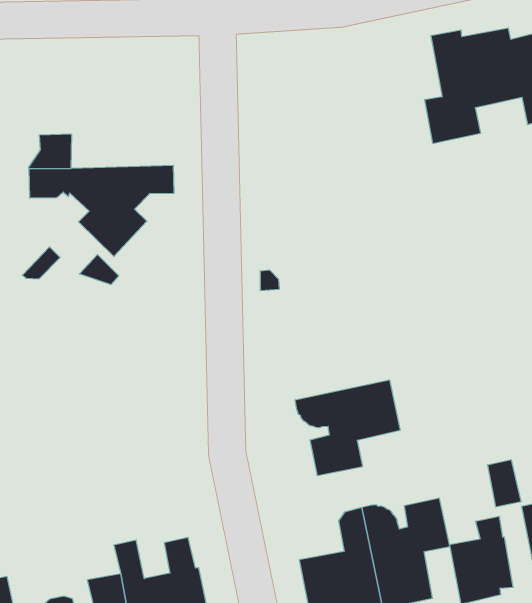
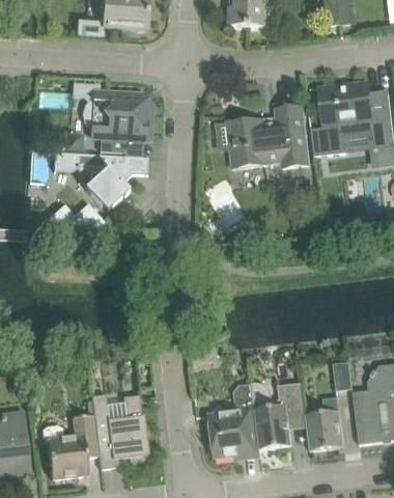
building: none -> [227,106,309,167]
building: none -> [82,91,151,153]
building: [295,380,400,476] -> none

